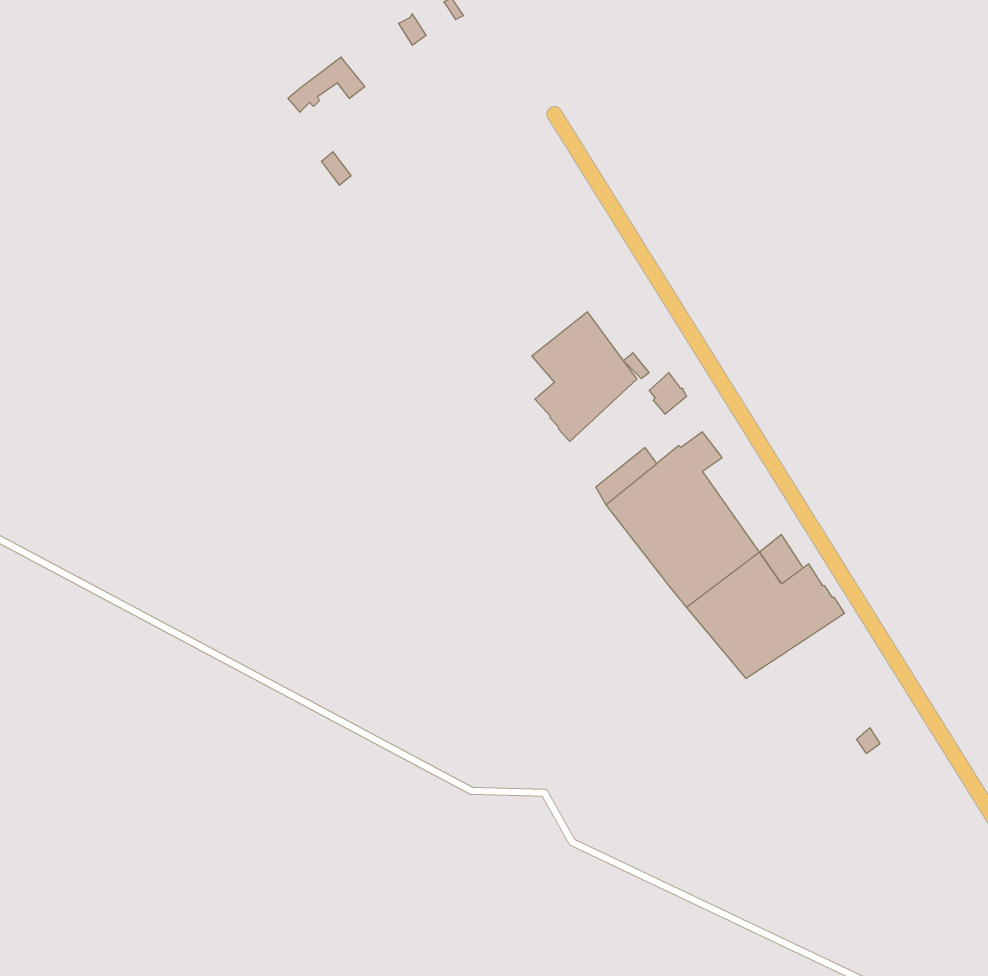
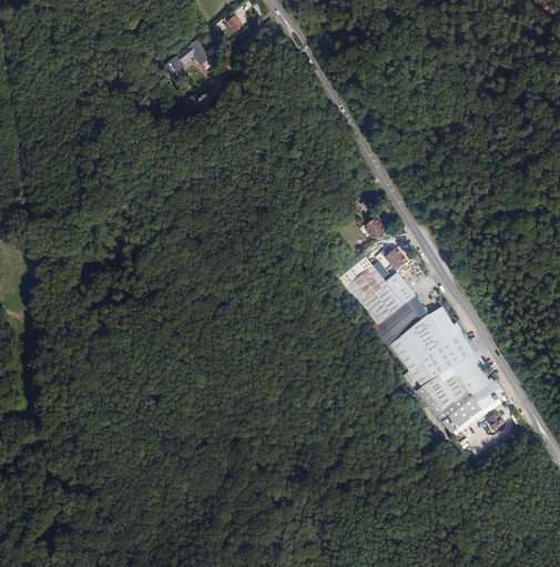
building: [532,312,637,441] -> none
building: none -> [416,351,507,437]

